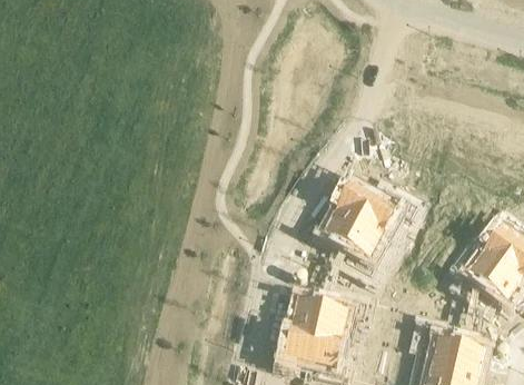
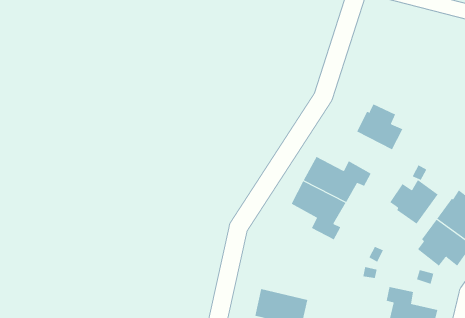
building: none -> [357,104,403,150]
building: none -> [389,179,438,224]
building: [290,289,360,335] -> none

